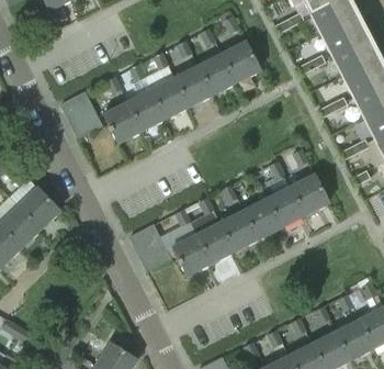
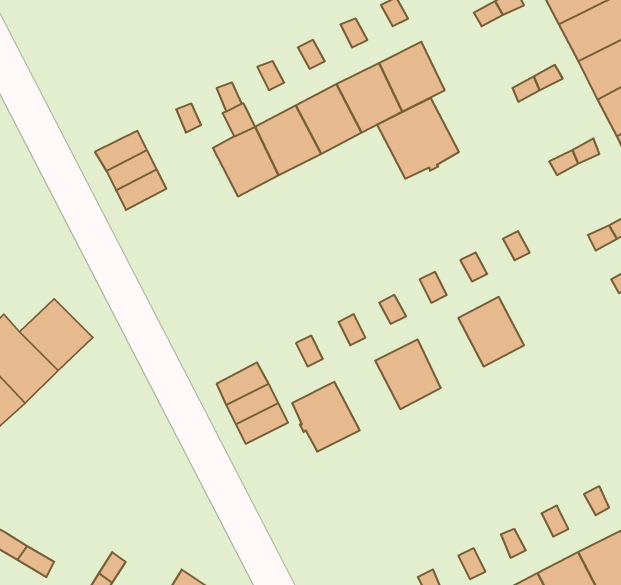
building: none -> [377,98,459,179]
building: [102,102,140,142] -> none
building: [289,175,327,214] -> none
building: [242,199,280,238] -> none
building: [195,223,233,262] -> none

